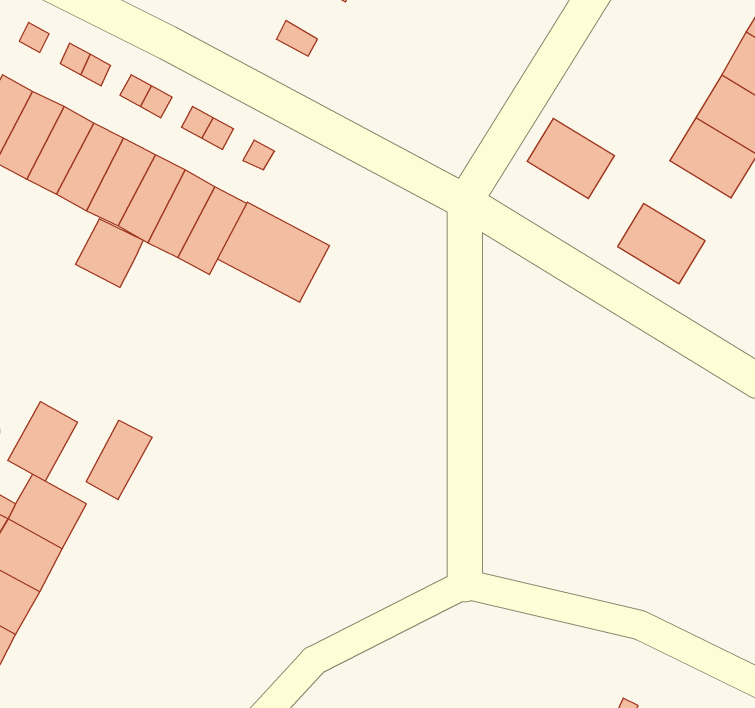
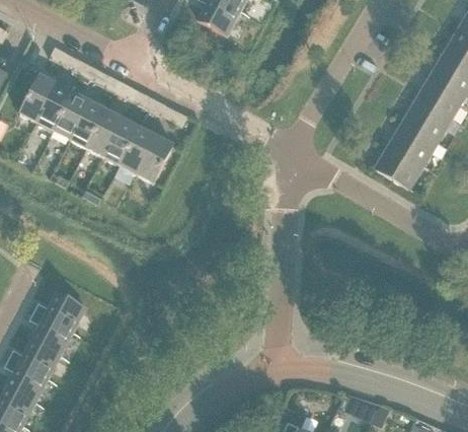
building: [527,118,615,199] -> [389,120,437,163]
building: [218,202,329,302] -> none
building: [76,219,143,287] -> none
building: [8,402,78,481] -> none
building: [86,420,152,500] -> none

